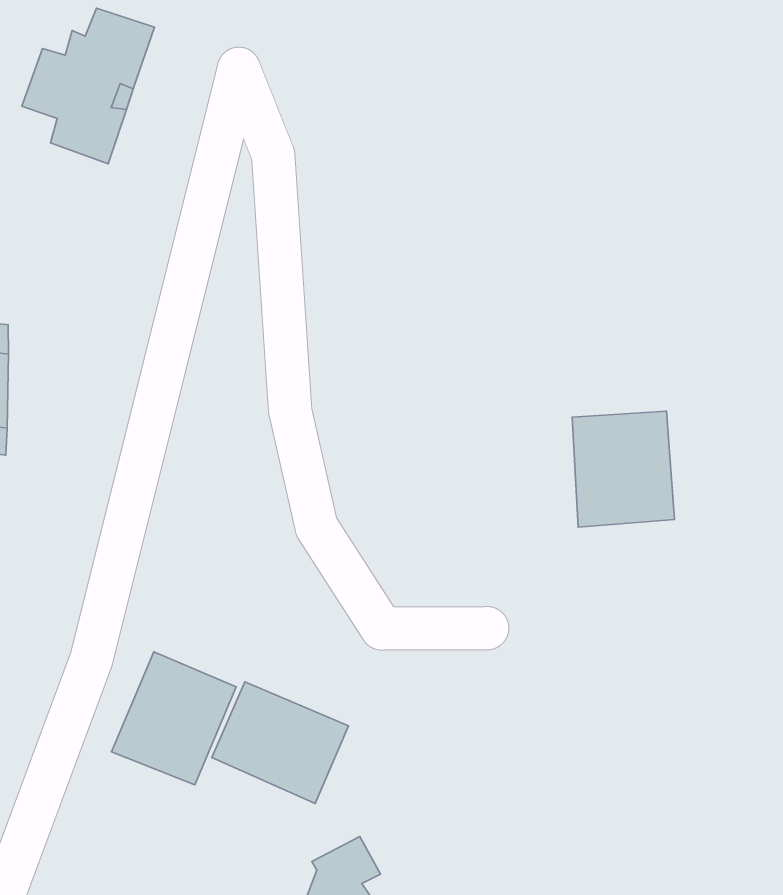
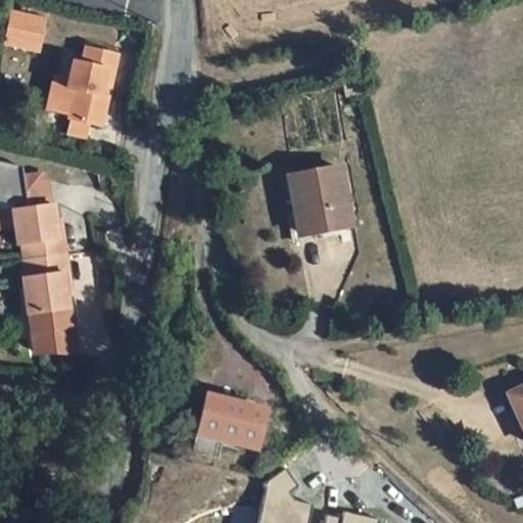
building: [572,411,675,527] -> [286,169,346,235]
building: [111,652,236,785] -> none

